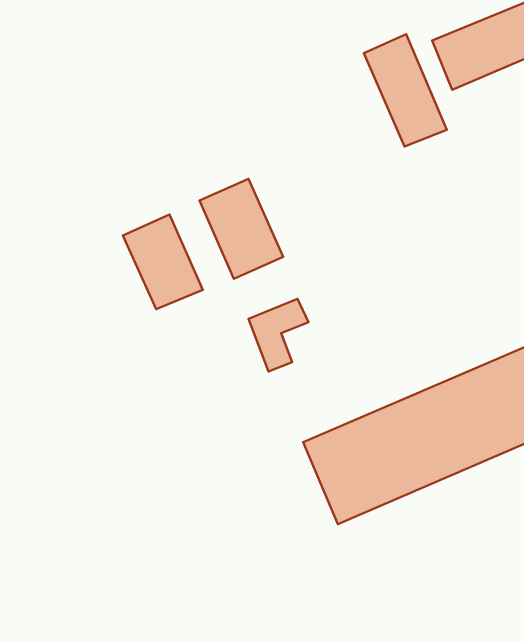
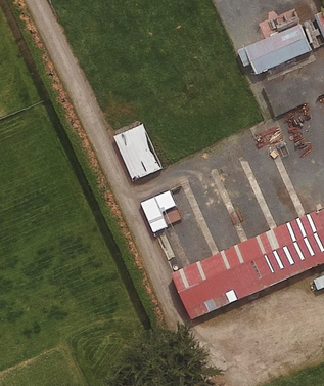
building: [364,34,447,146] -> none
building: [123,214,203,309] -> none

